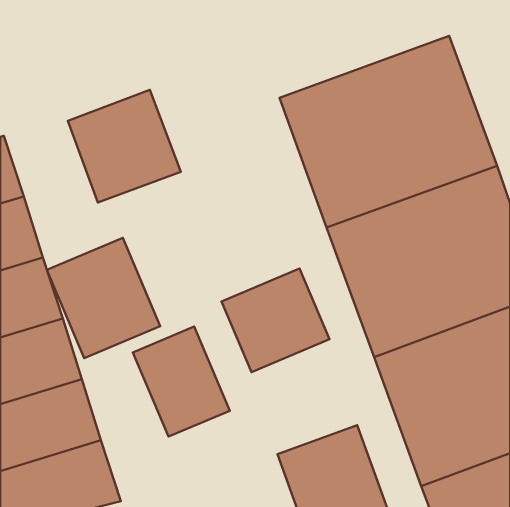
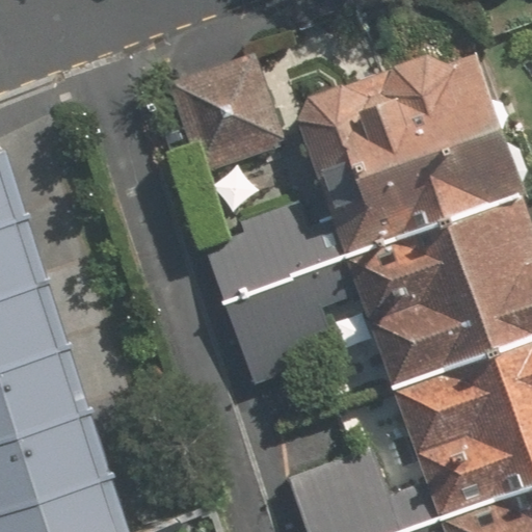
building: [68,90,181,203] -> [169,61,287,179]
building: none -> [198,209,312,317]
building: [47,238,160,358] -> none
building: [133,327,230,437] -> none

